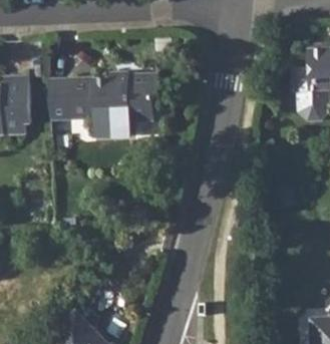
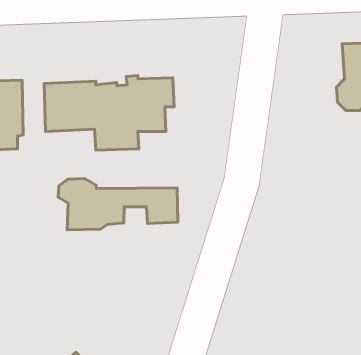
building: none -> [58,178,178,230]

